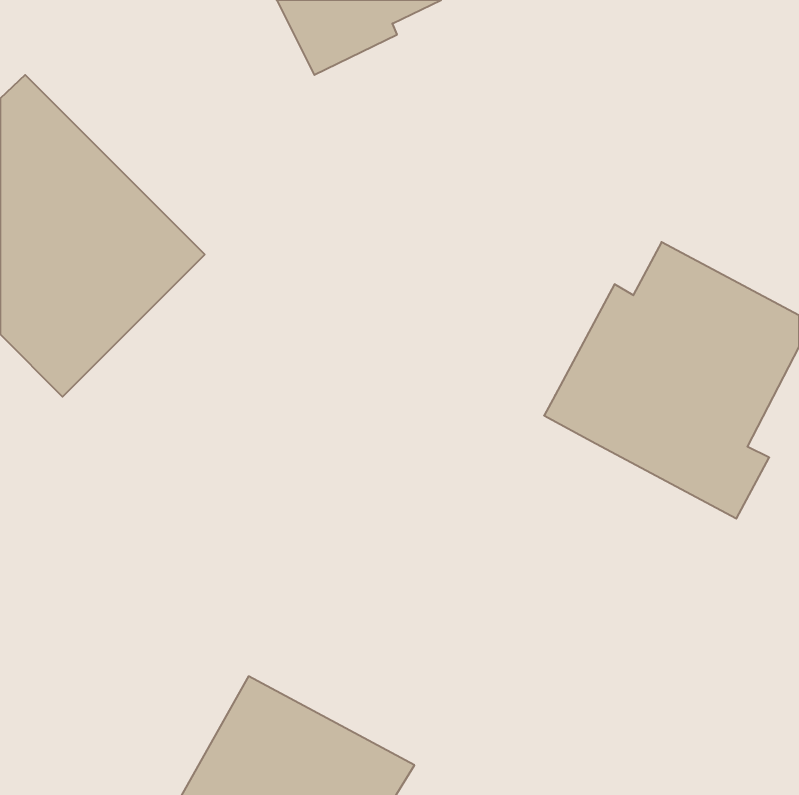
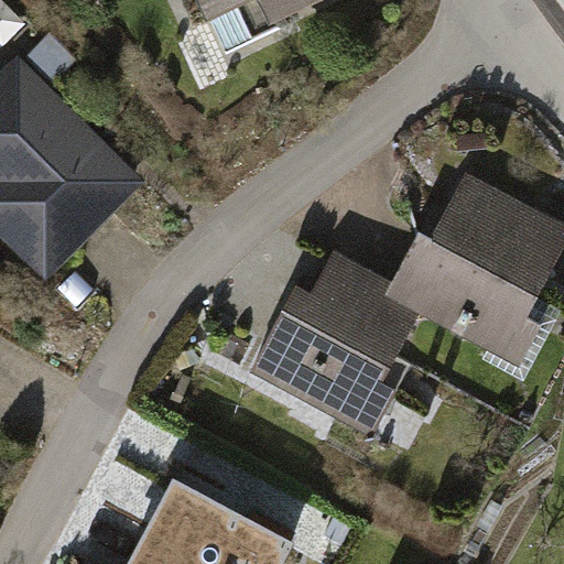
building: none -> [248,250,420,436]

